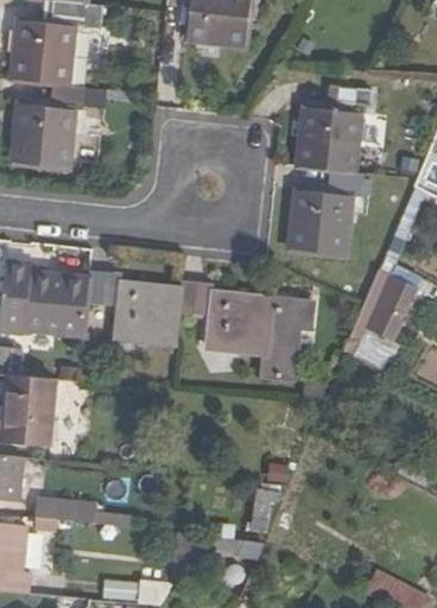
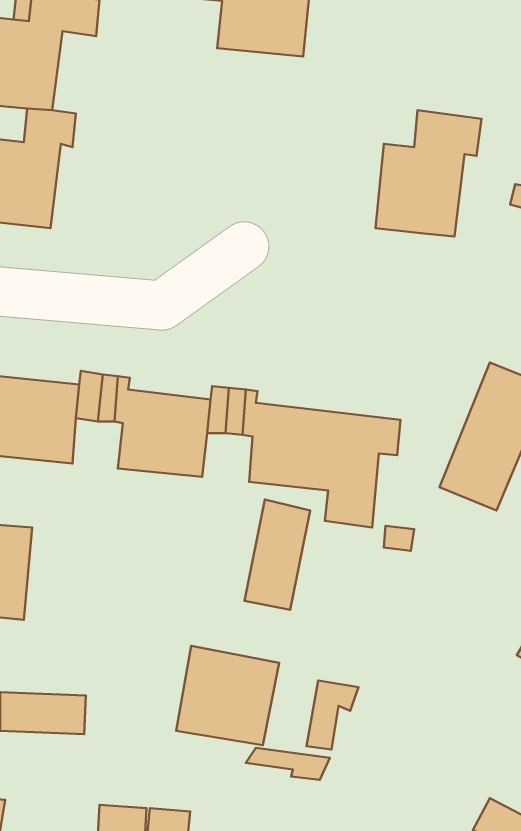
building: [289,172,362,255] -> none
building: none -> [244,500,310,610]
building: none -> [176,646,279,745]

